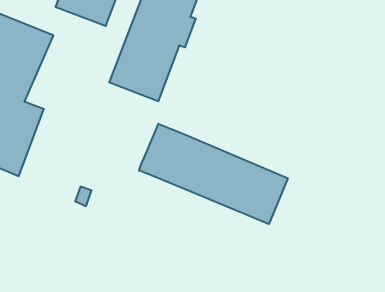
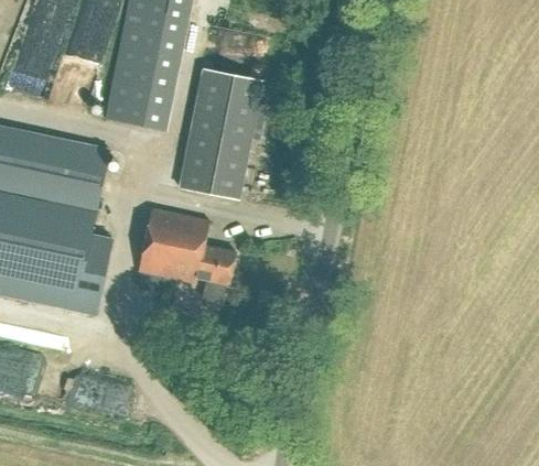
building: none -> [136,207,236,282]
building: [139,124,288,224] -> none

